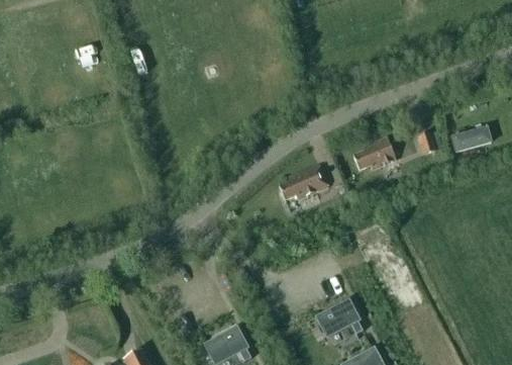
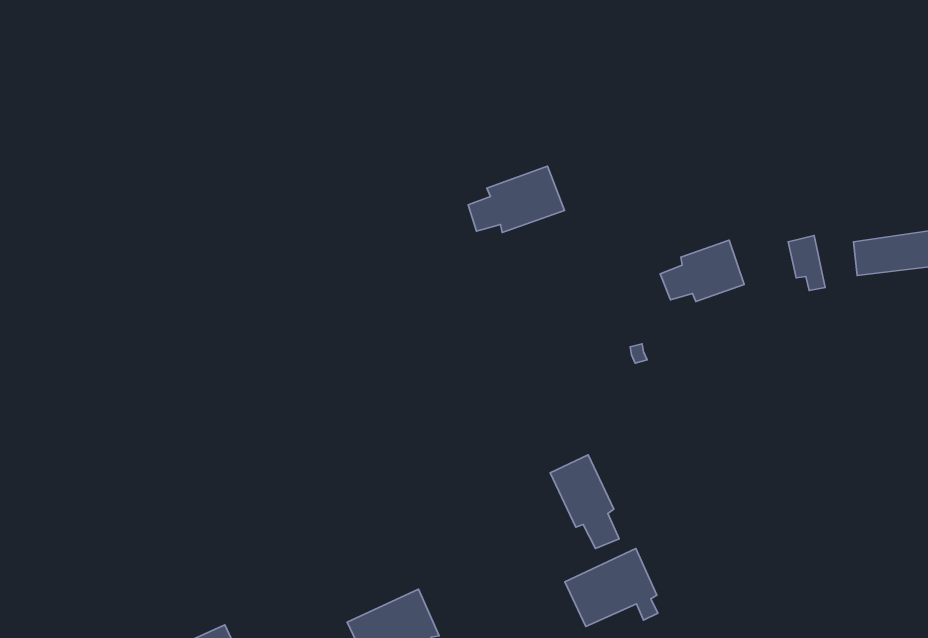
building: [279,164,328,199] -> [468,166,565,233]
building: none -> [550,455,619,549]

